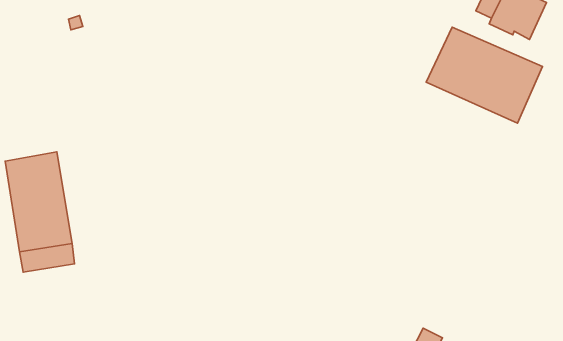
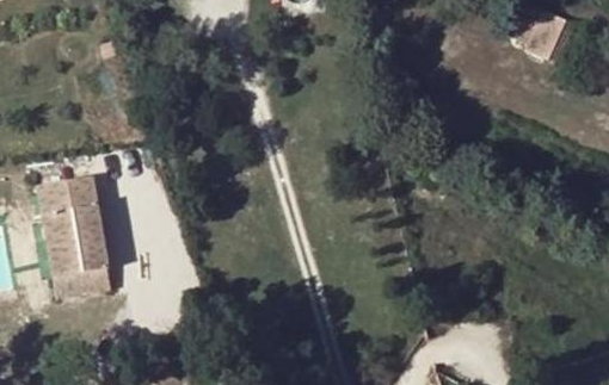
building: [426,27,542,123] -> none

